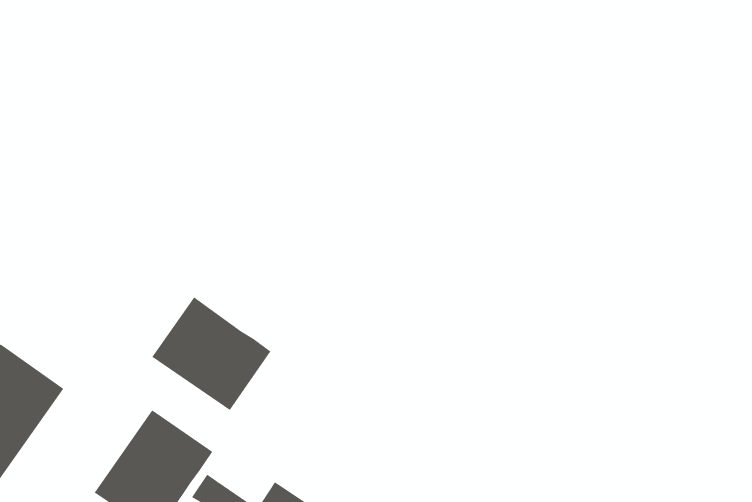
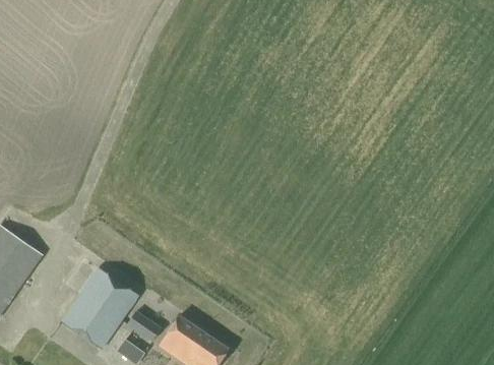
building: [151,297,271,411] -> none

